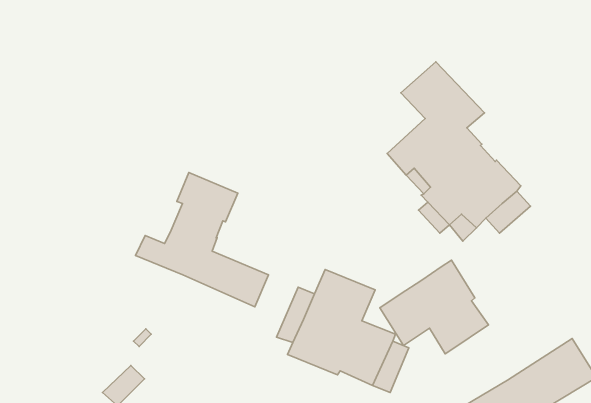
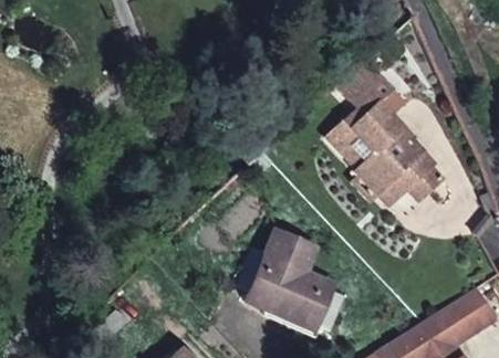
building: [136,172,269,307] -> none
building: [380,260,488,354] -> none

